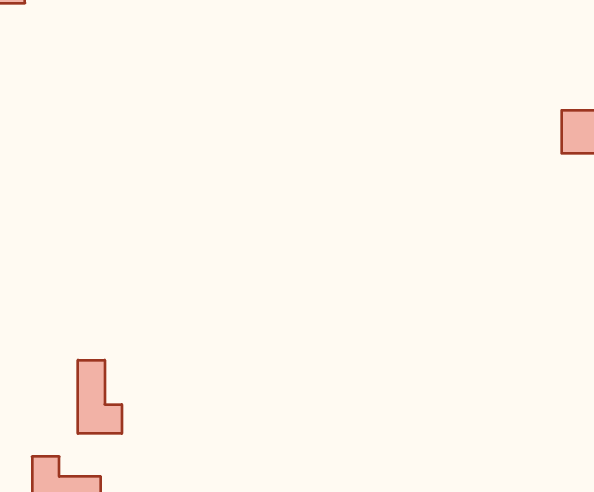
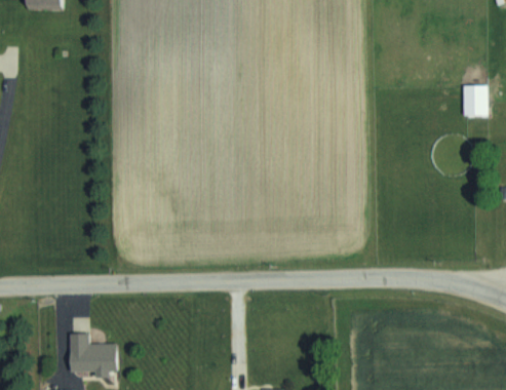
building: [78,360,122,434] -> none

